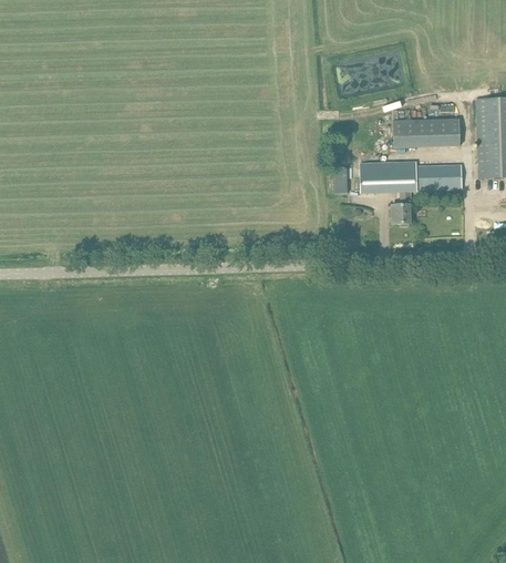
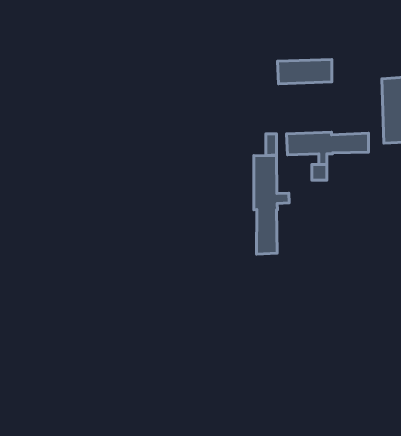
building: [393,117,459,147] -> [278,59,332,84]
building: none -> [254,156,289,254]

